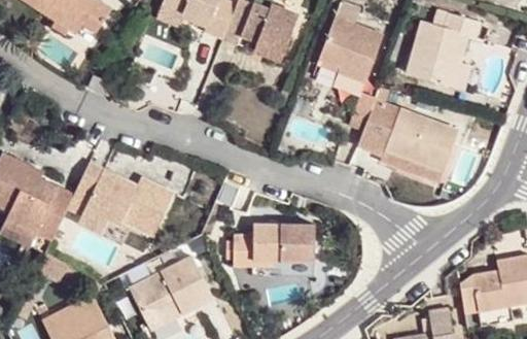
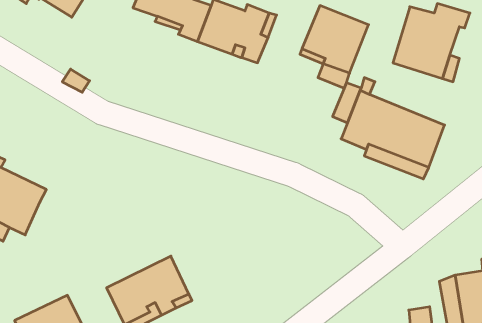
building: [65,163,173,236] -> none
building: [223,216,313,268] -> none

